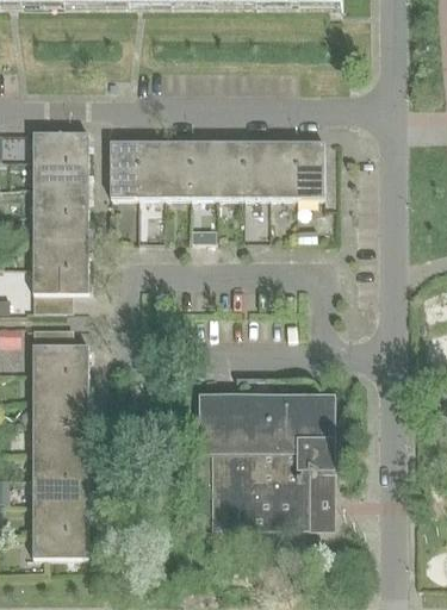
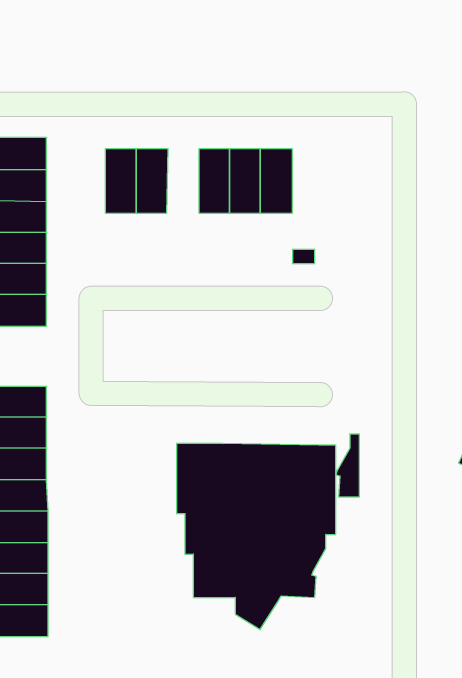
building: [111,141,137,195] -> none
building: [190,141,217,195] -> none
building: [297,141,323,195] -> none
building: [313,469,334,523] -> [336,434,359,497]

